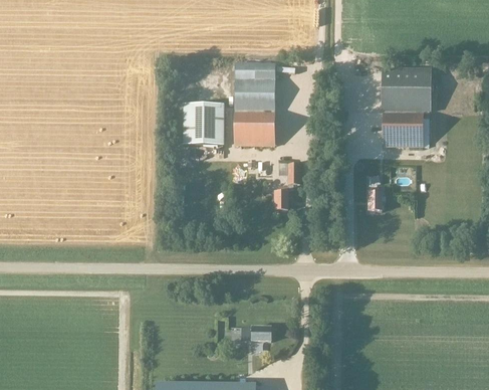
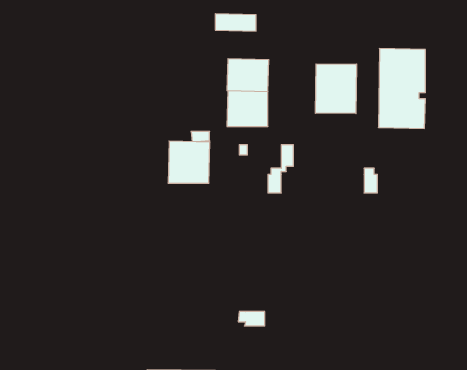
building: [235,61,275,78] -> [215,14,256,31]
building: none -> [315,64,357,114]
building: [183,102,224,143] -> [168,141,210,183]

